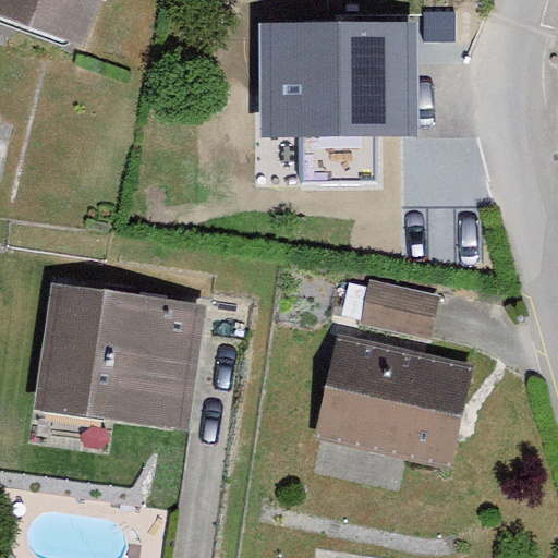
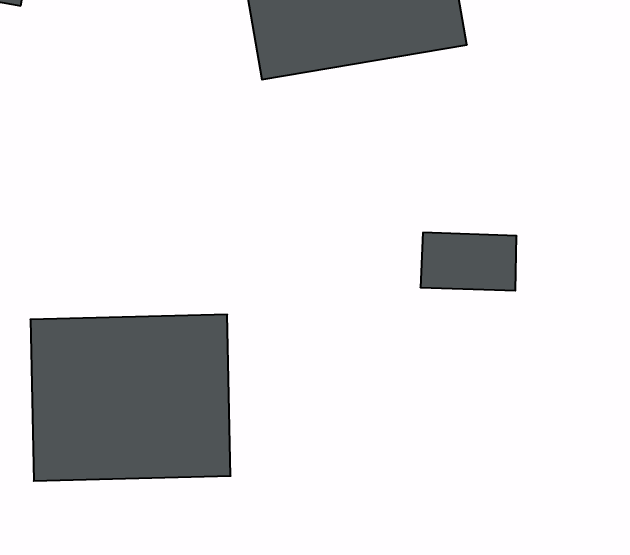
building: [312,337,473,472] -> none

